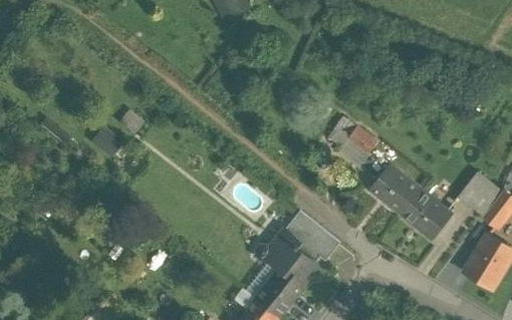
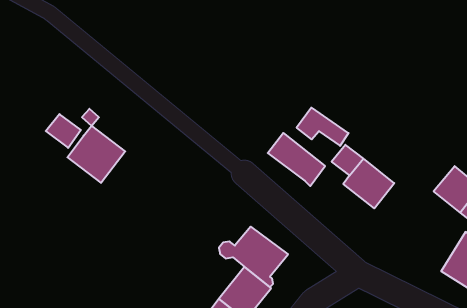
building: none -> [67,126,125,183]
building: [401,190,450,238] -> none
building: [284,212,338,262] -> [268,133,325,186]

